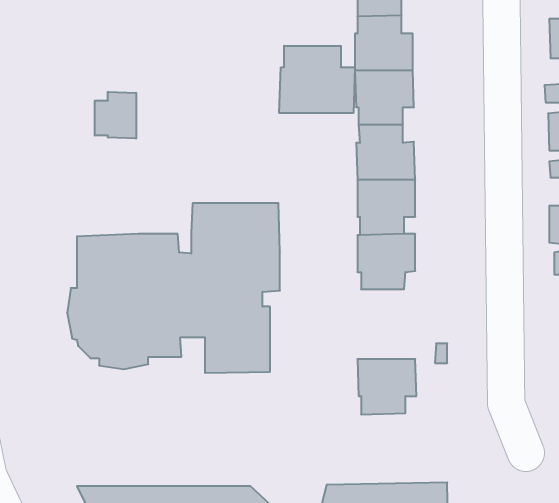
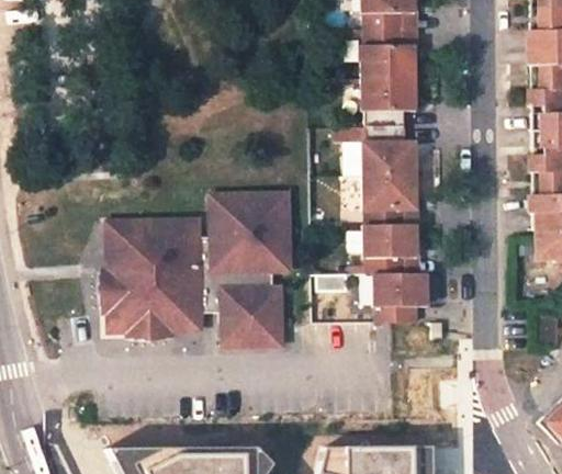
building: [279,46,355,113] -> none
building: [95,92,136,139] -> none
building: [357,359,416,414] -> [370,272,423,321]

